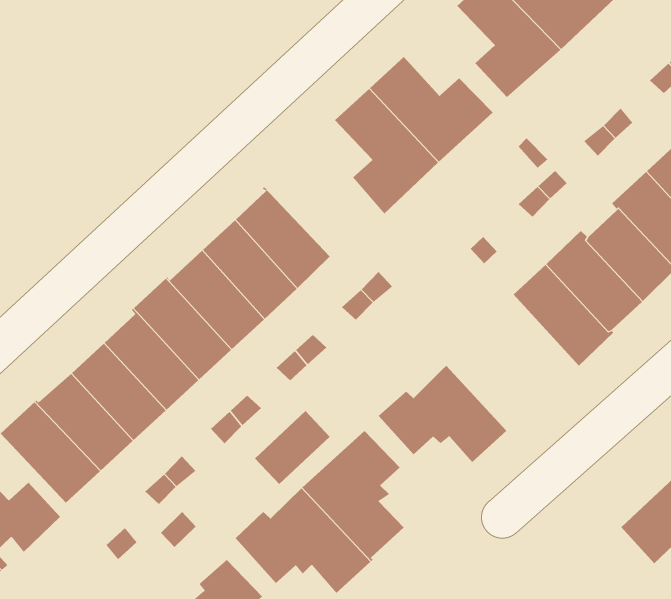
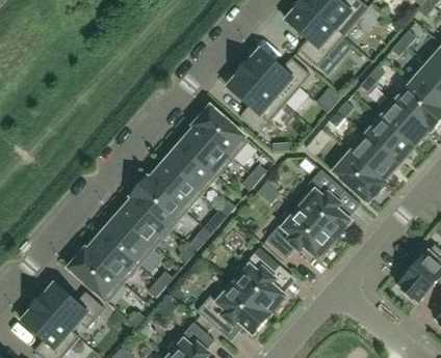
building: none -> [193,106,249,158]
building: none -> [294,168,351,240]
building: [254,410,330,485] -> none

